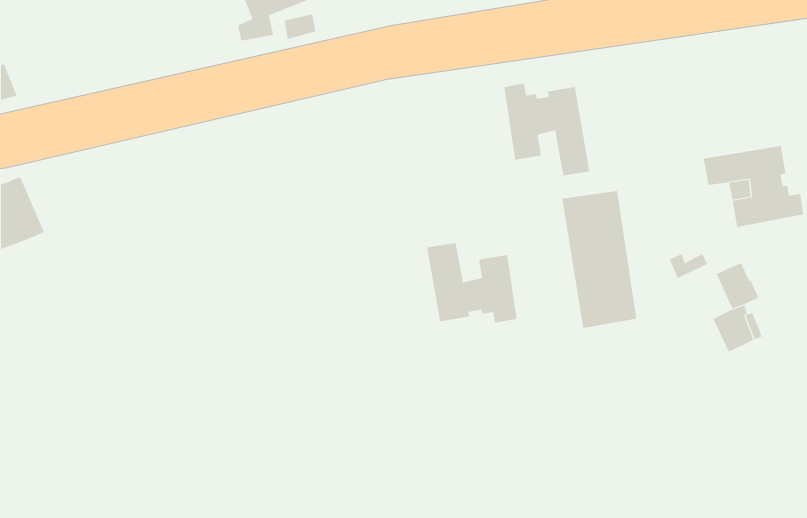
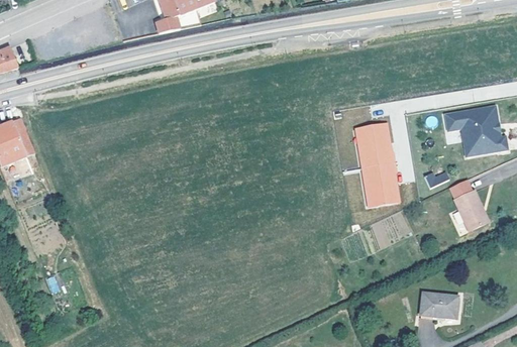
building: [504,83,590,176] -> none
building: [427,242,517,323] -> none
building: none -> [412,296,449,320]

